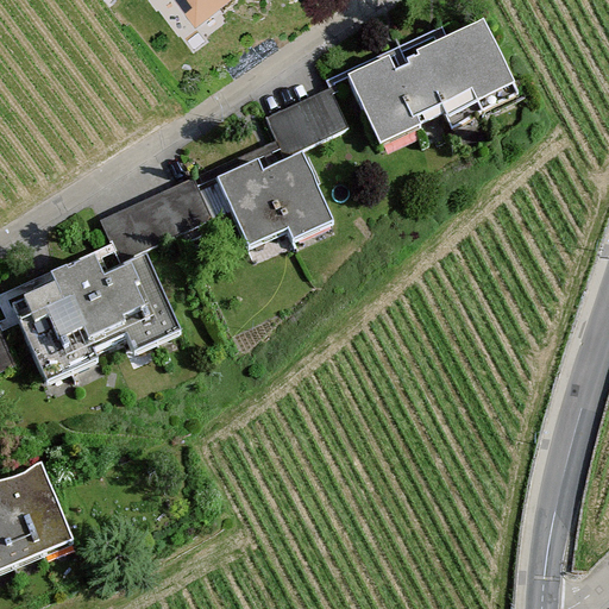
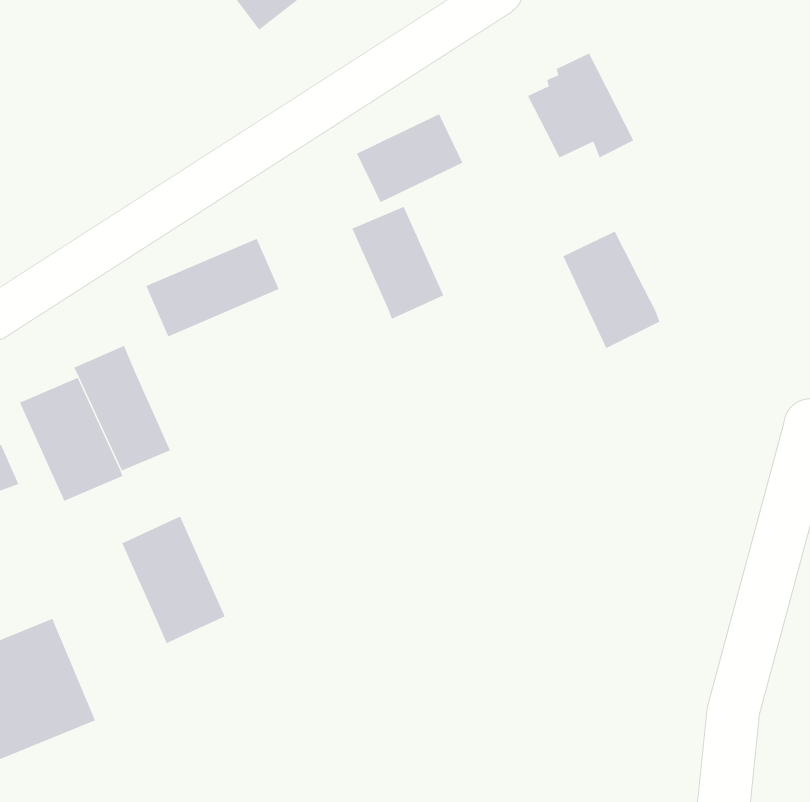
building: [439,19,511,105] -> none
building: [346,57,419,145] -> [563,231,660,349]
building: [216,161,288,247] -> none
building: [101,257,178,352] -> [122,516,225,644]

